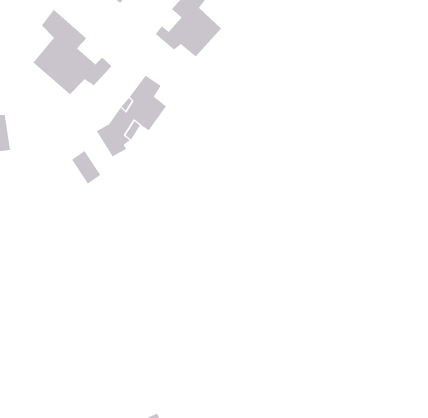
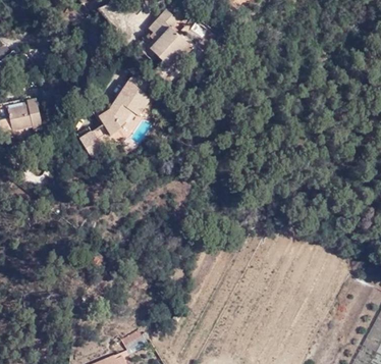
building: [33,9,112,95] -> none

